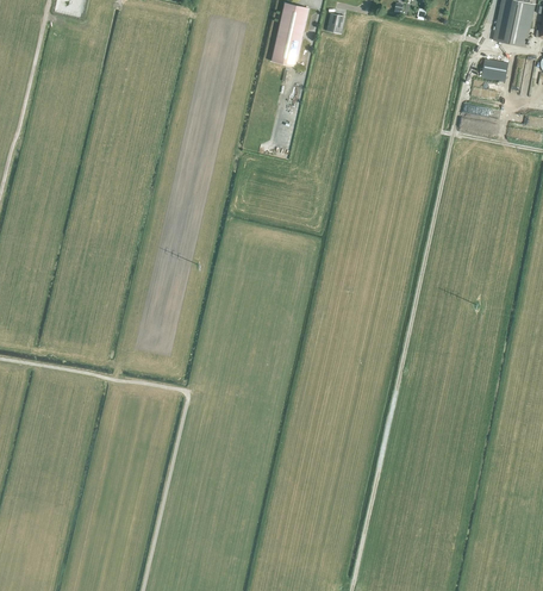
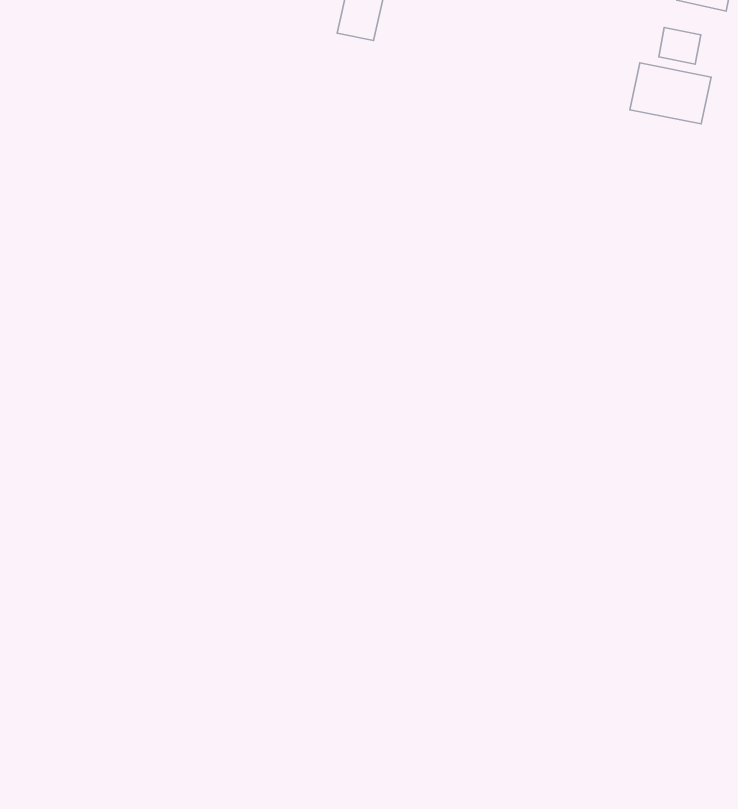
building: none -> [630,63,711,124]

